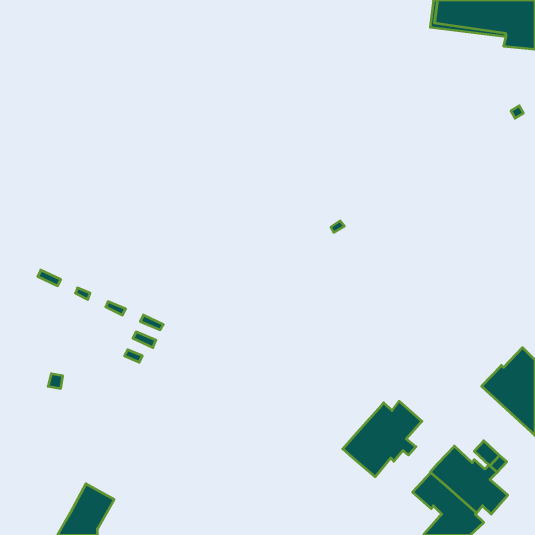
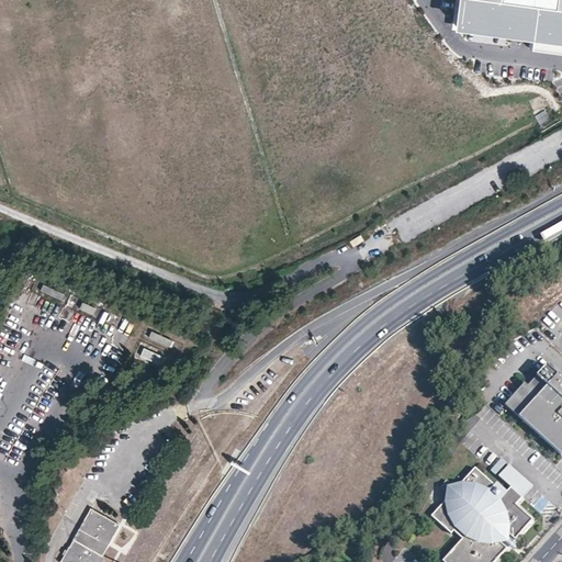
building: [343,401,422,477] -> none

